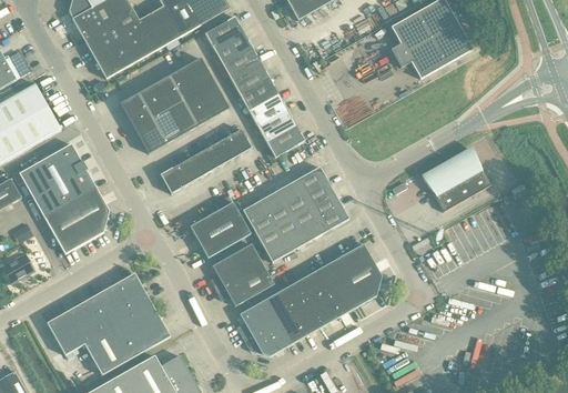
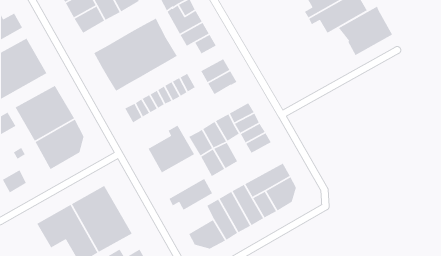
building: [240,89,287,125] -> none
building: [420,145,491,211] -> [338,5,393,56]
building: [292,206,323,242] -> none
building: [210,243,263,290] -> none
building: [236,299,274,335] -> none

